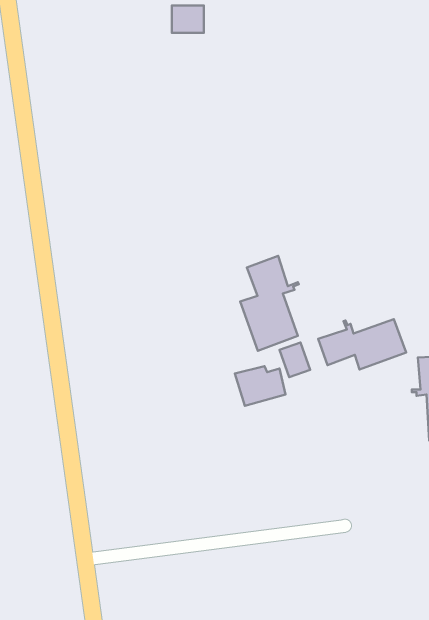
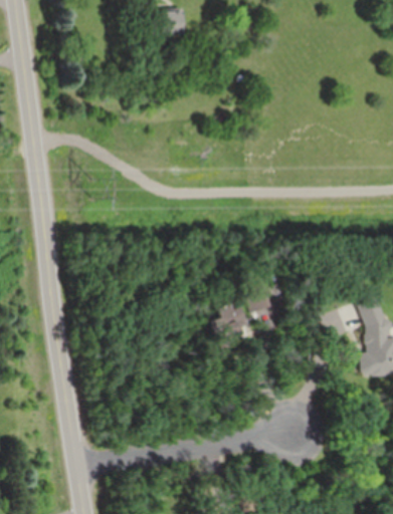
building: [240,256,299,351] -> none
building: [318,319,406,369] -> none

